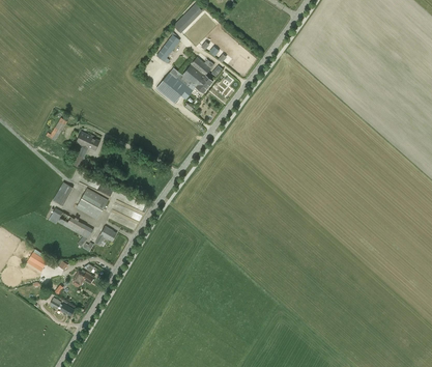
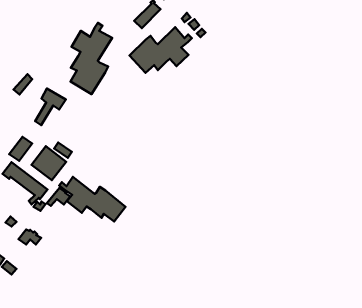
building: none -> [71,23,112,94]
building: none -> [59,177,126,221]

